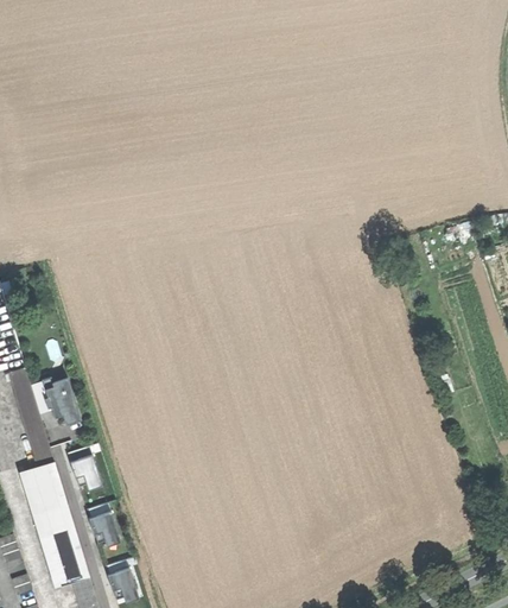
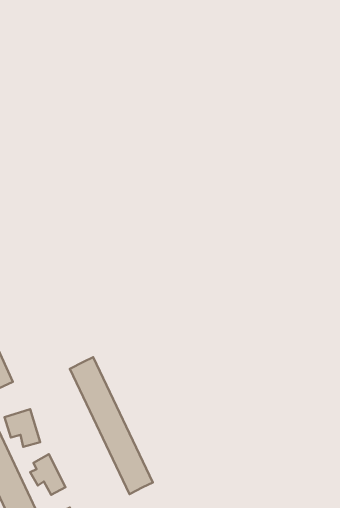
building: none -> [70,357,153,494]

